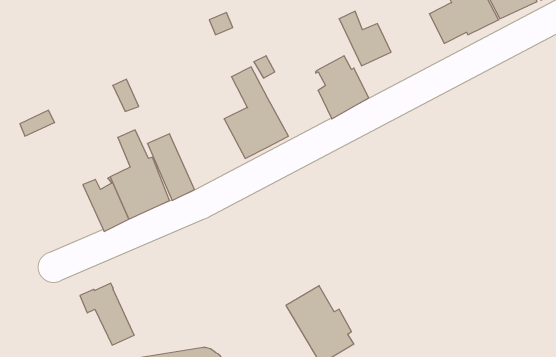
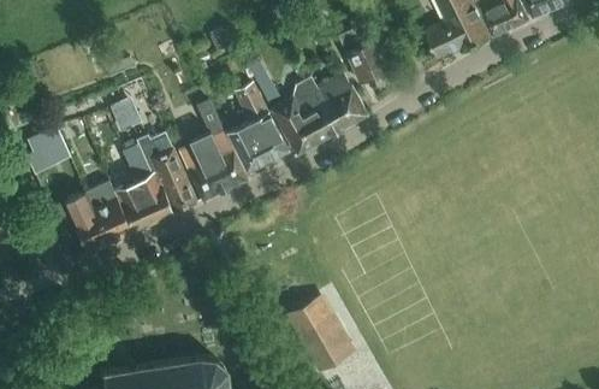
building: none -> [269,77,330,154]
building: none -> [179,113,245,200]
building: none -> [25,137,69,172]
building: [80,283,134,345] -> [55,193,108,253]

